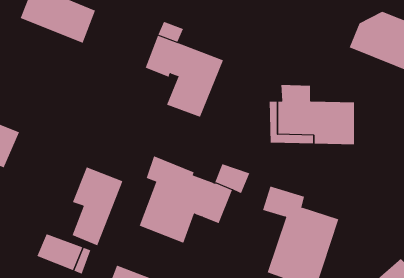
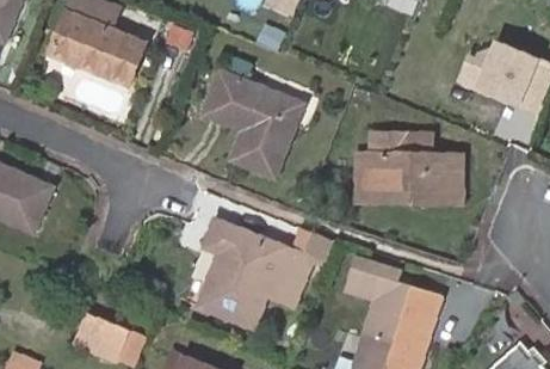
building: [72,167,123,246] -> none

